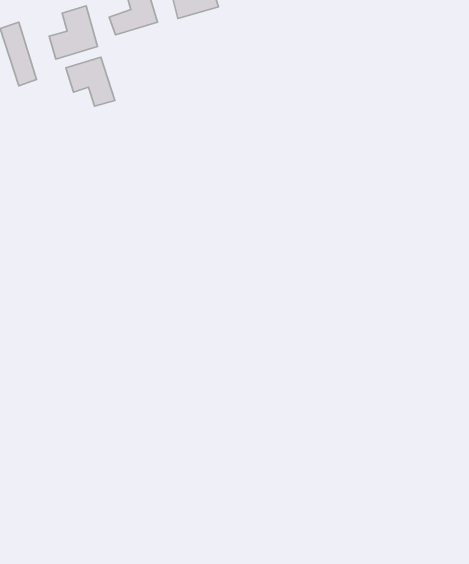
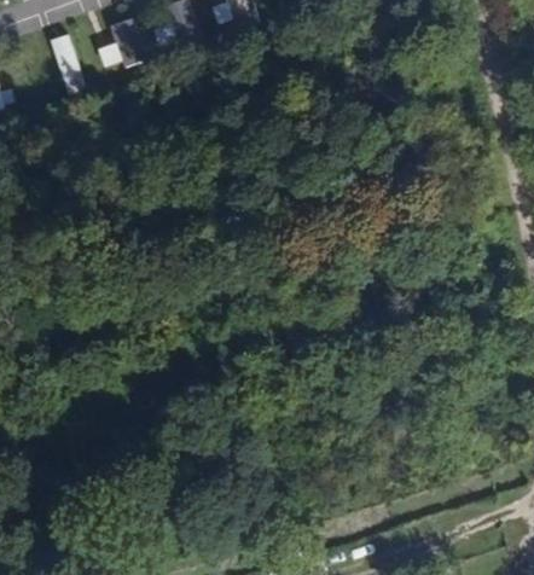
building: [66,57,115,106] -> none

